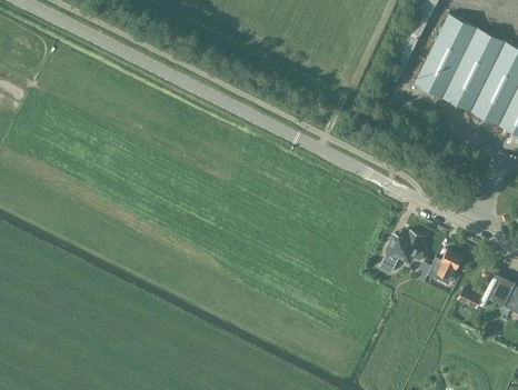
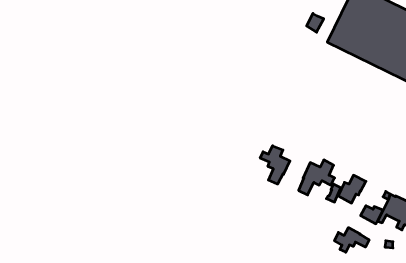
building: none -> [260,146,290,184]
building: none -> [335,228,369,252]

